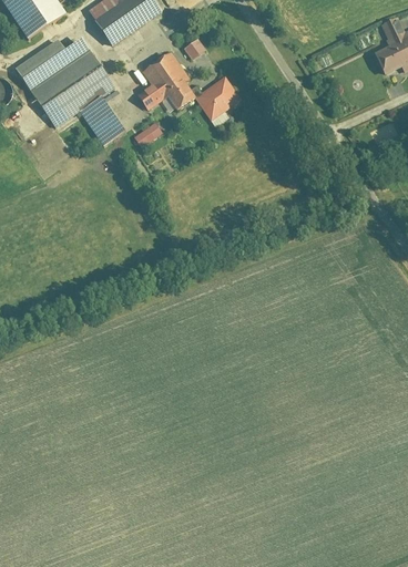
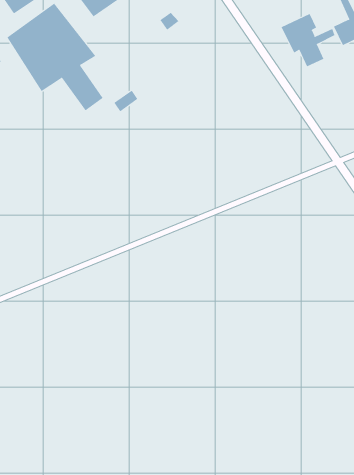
building: none -> [281,13,335,67]
building: [136,52,241,125] -> none

